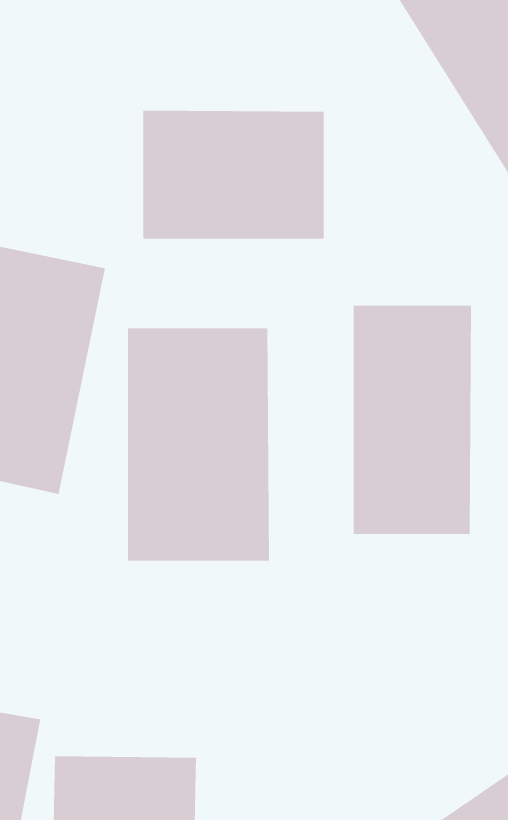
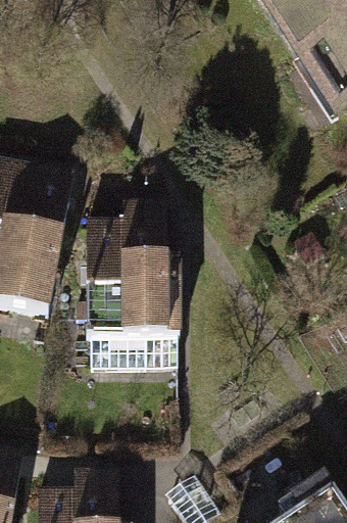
building: [142,110,324,239] -> none
building: [353,305,472,535] -> none

